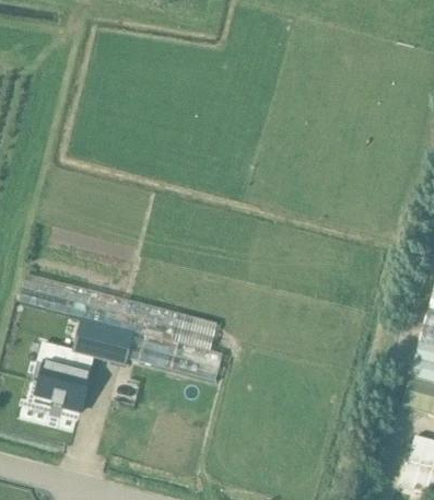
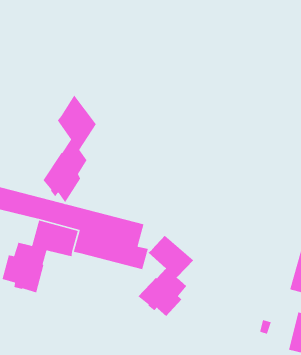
building: none -> [43,94,97,203]
building: none -> [138,235,194,317]

